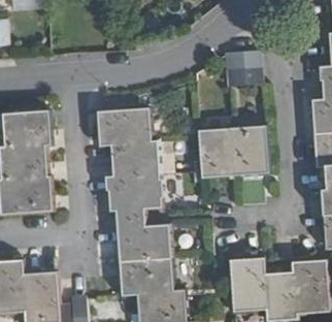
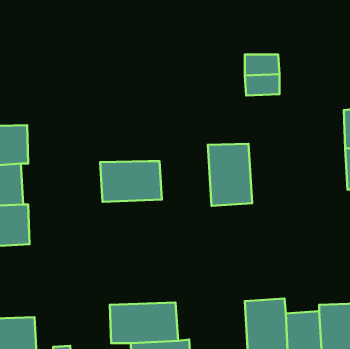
building: [98,108,151,143] -> none
building: [234,126,269,176] -> none
building: [108,173,163,207] -> none
building: [117,225,173,261] -> none

